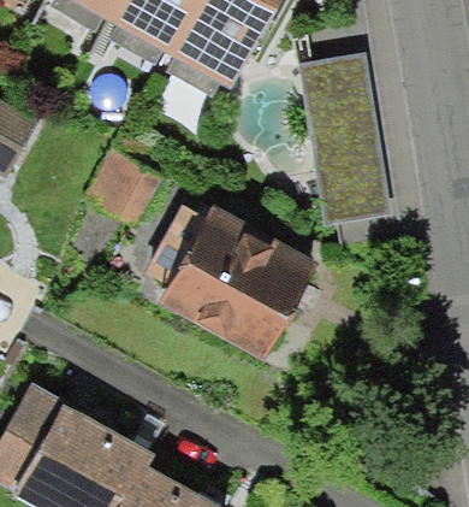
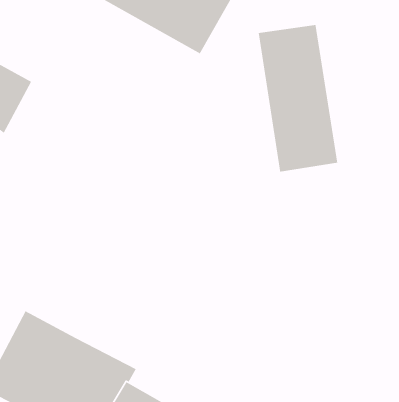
building: [158,206,322,362] -> none

